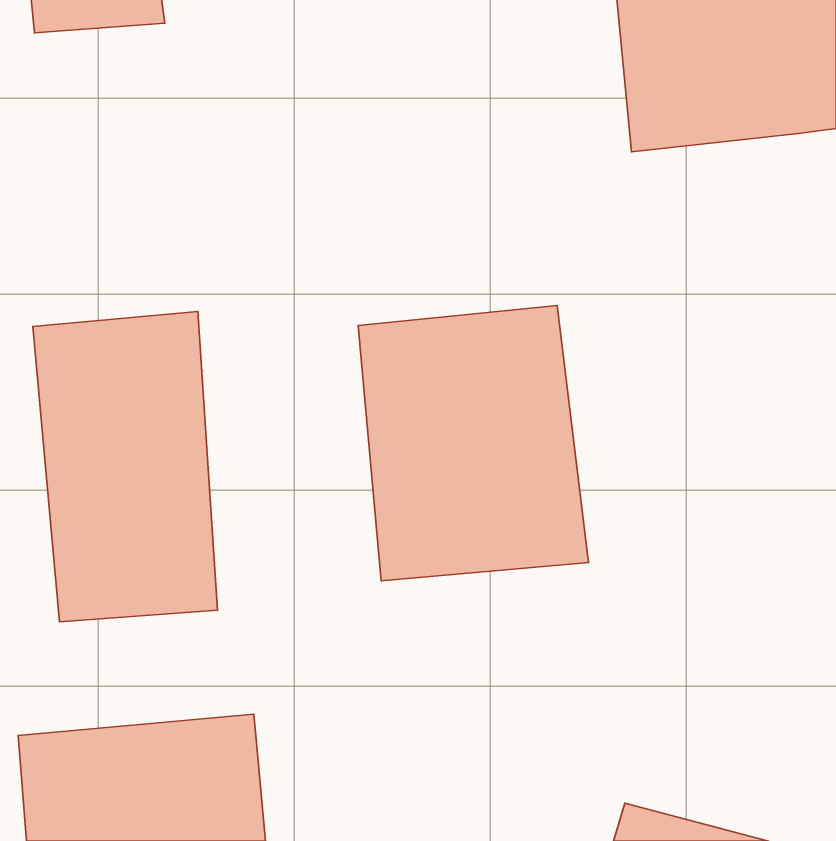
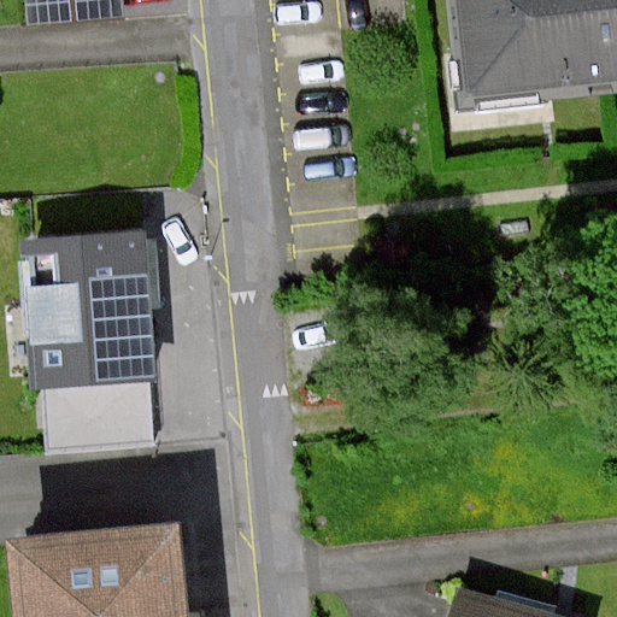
building: [358,305,589,581] -> none

